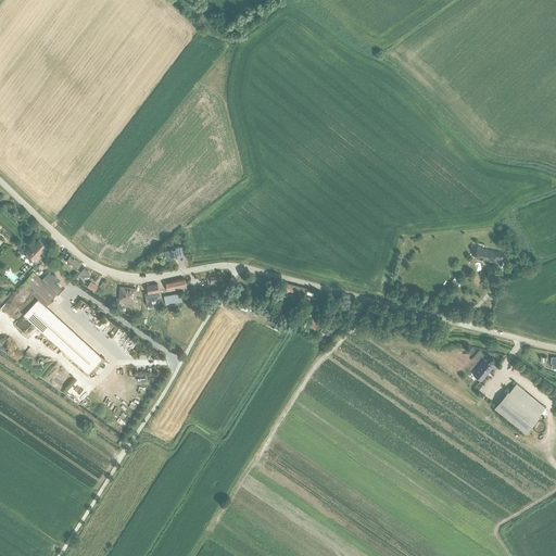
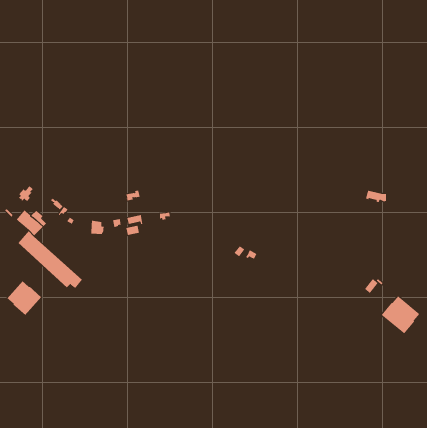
building: none -> [6,281,42,316]

